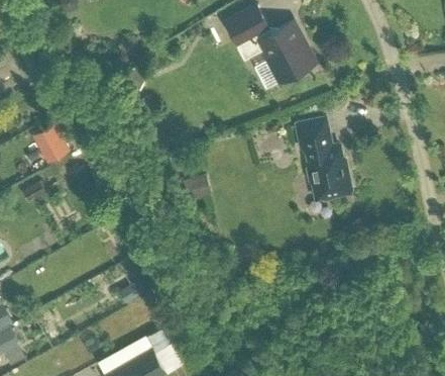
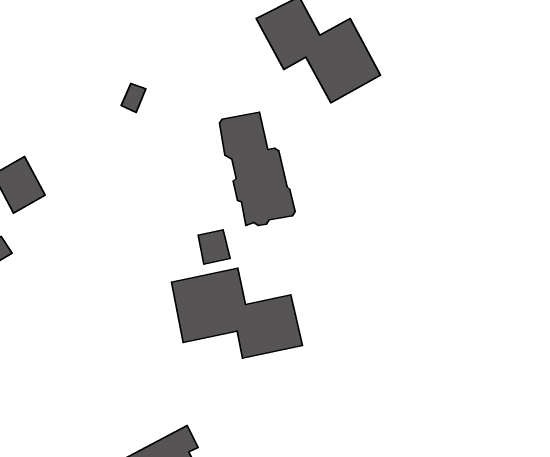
building: [297,119,352,202] -> [219,112,295,225]
building: none -> [171,268,303,358]

